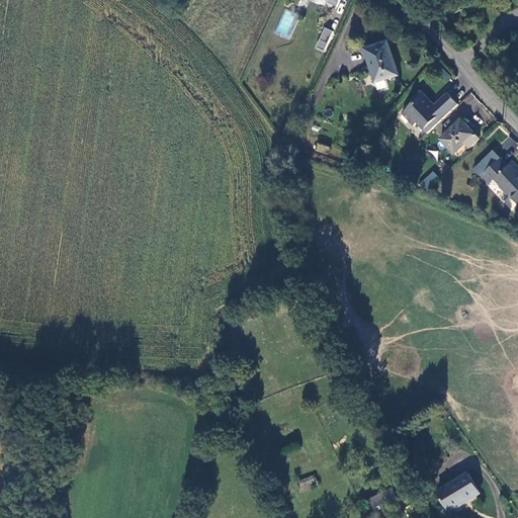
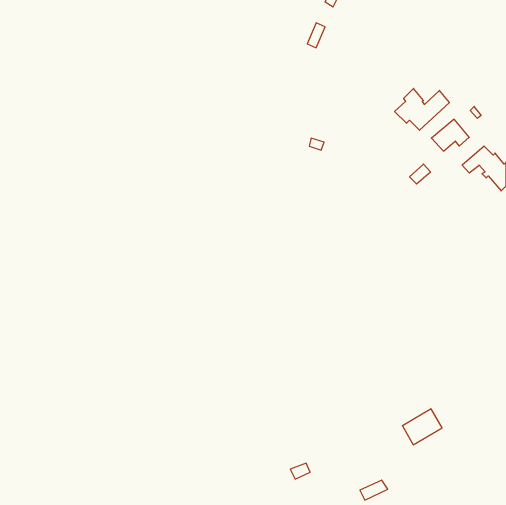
building: [364,45,400,86] -> none
building: [436,471,477,508] -> [402,409,442,445]

